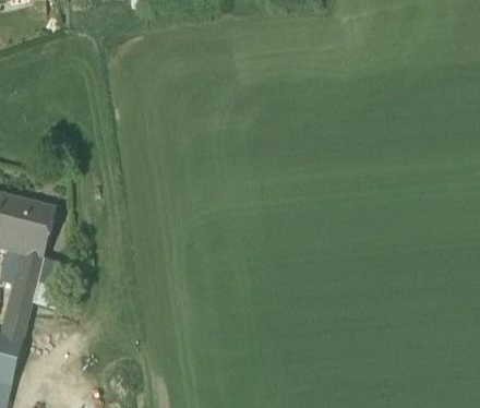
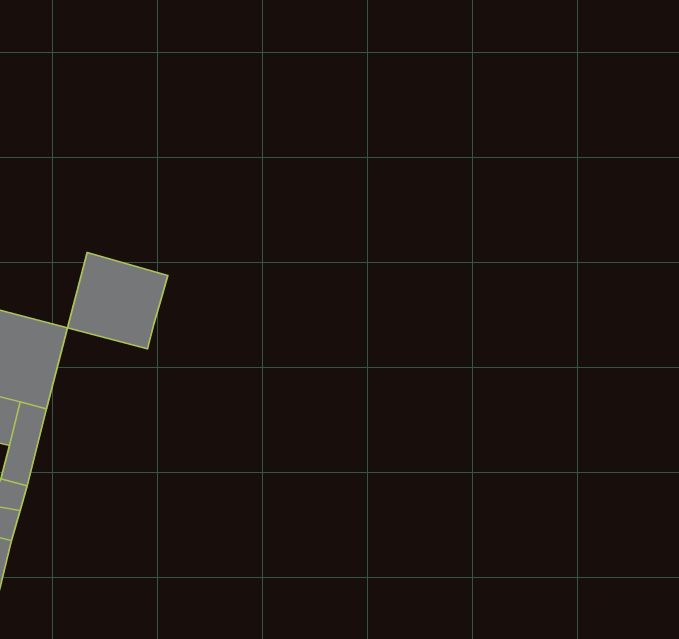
building: none -> [68,252,168,349]

